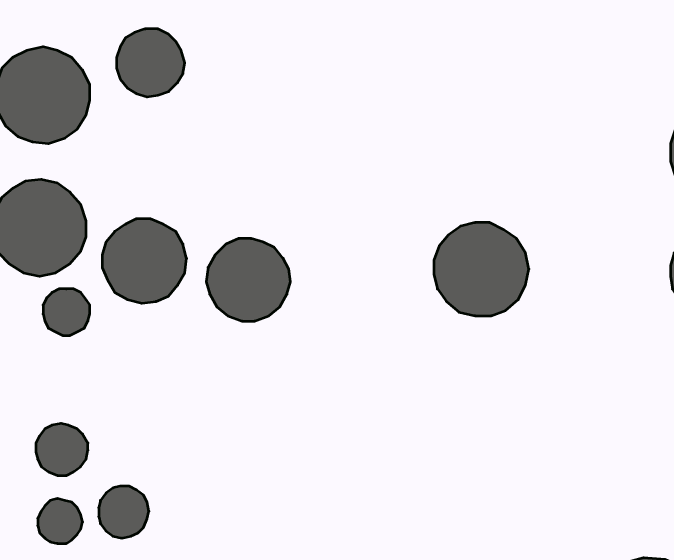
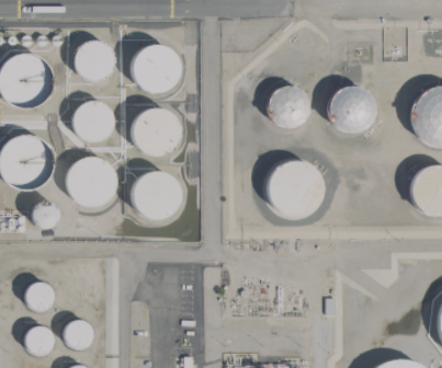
building: none -> [132,45,182,94]
building: none -> [265,84,306,126]
building: none -> [328,89,374,134]
building: none -> [73,102,112,140]
building: none -> [136,108,184,157]

